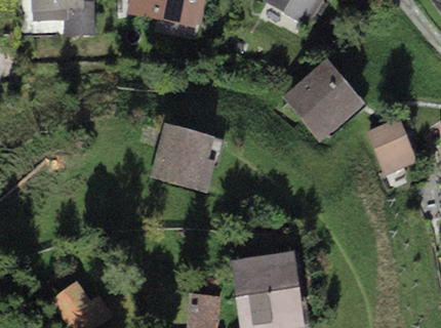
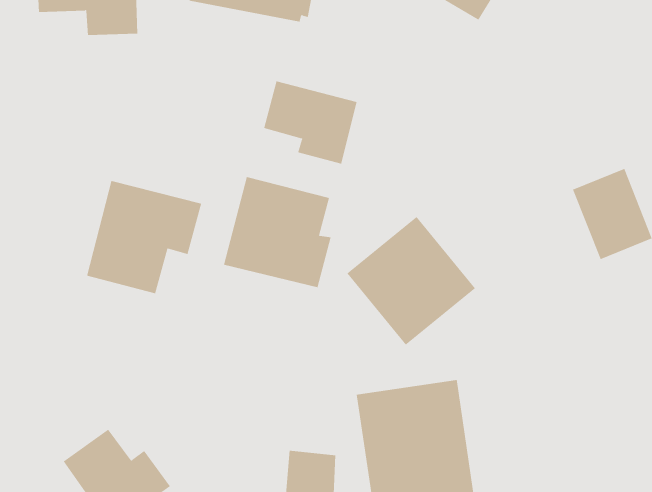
building: [282,58,363,139] -> [347,216,476,346]
building: none -> [264,81,357,165]
building: none -> [87,180,202,294]

